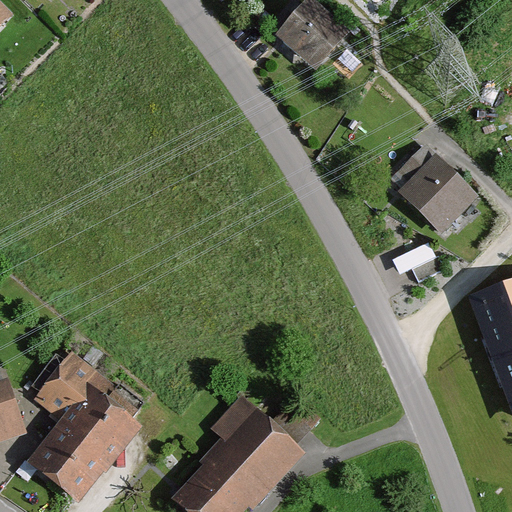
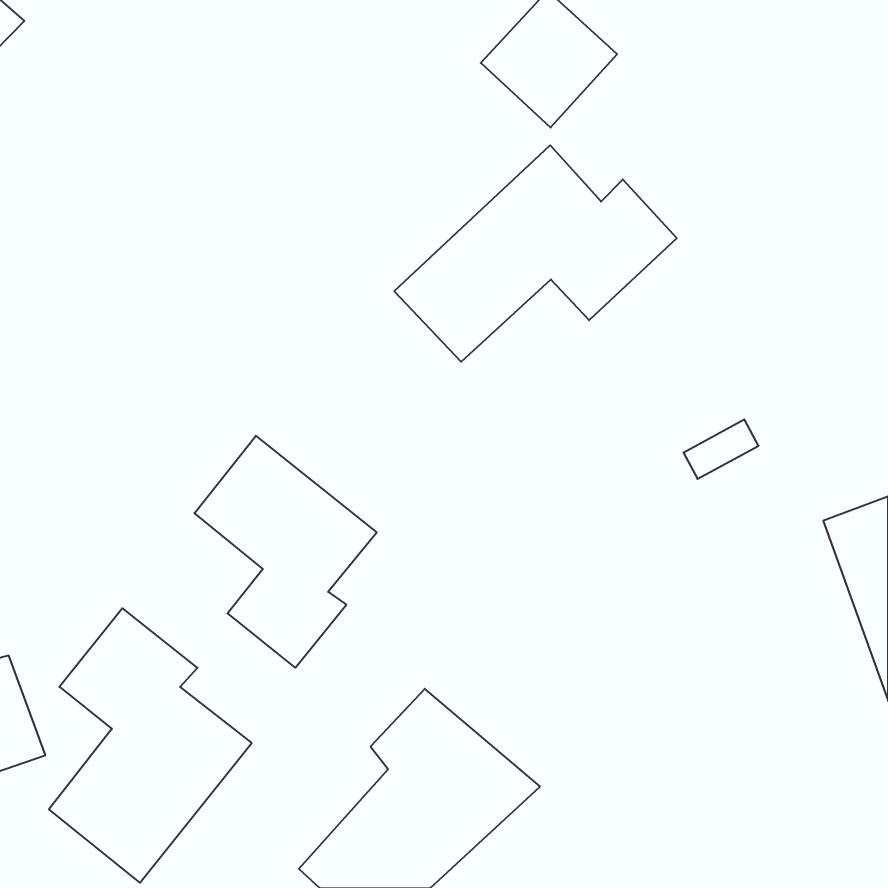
building: none -> [394,145,677,362]
building: [394,150,478,233] -> none
building: none -> [194,436,377,668]

